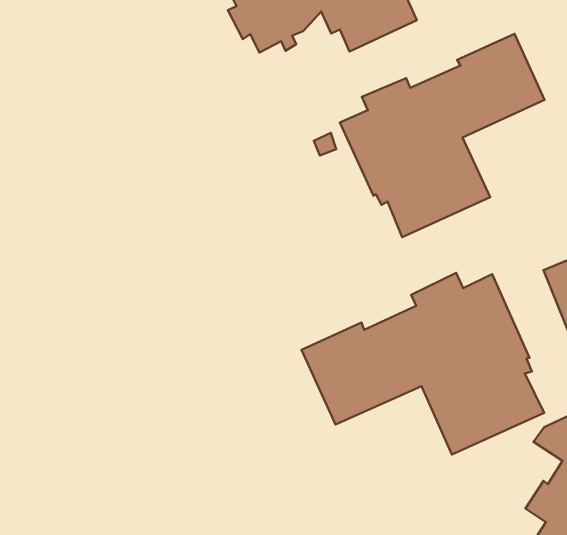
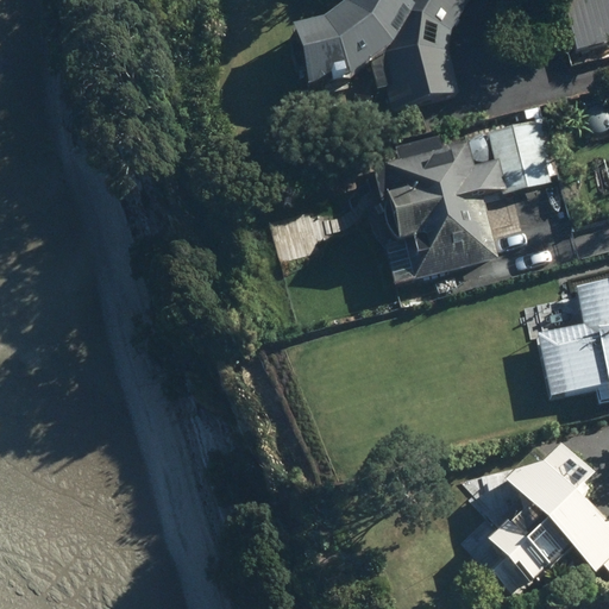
building: [301,273,544,455] -> none

